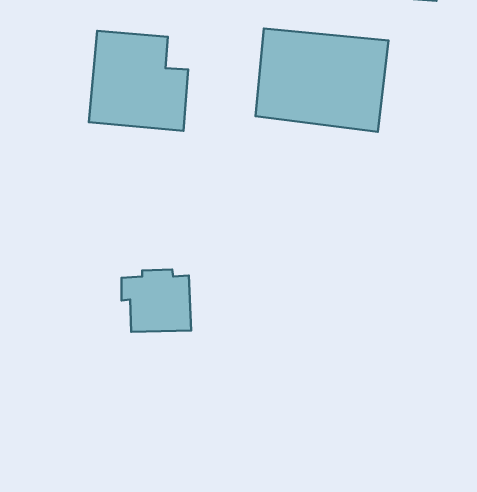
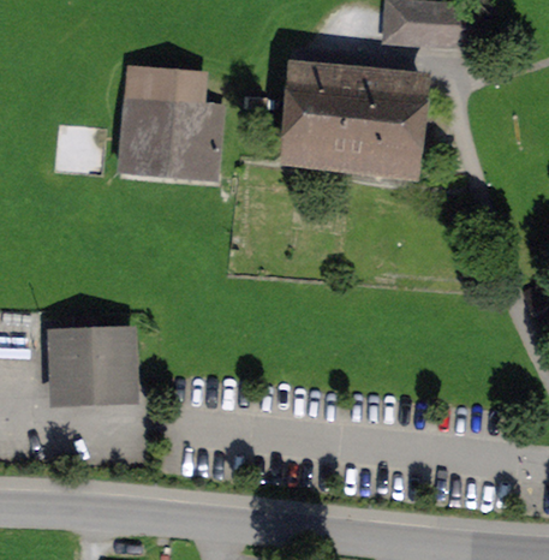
building: [122,269,191,332] -> [52,328,121,391]

